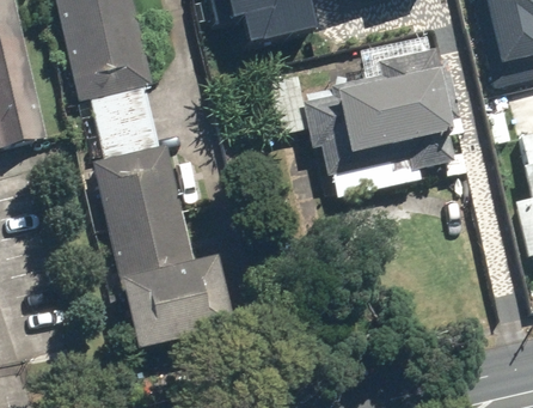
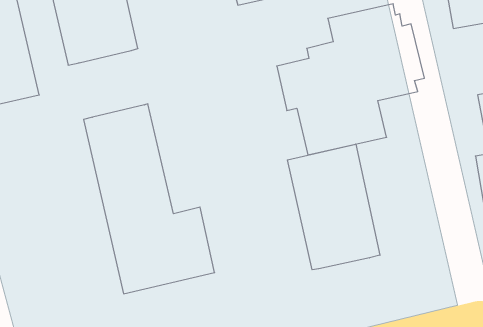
building: [90,86,160,158] -> none
building: none -> [287,144,380,270]

